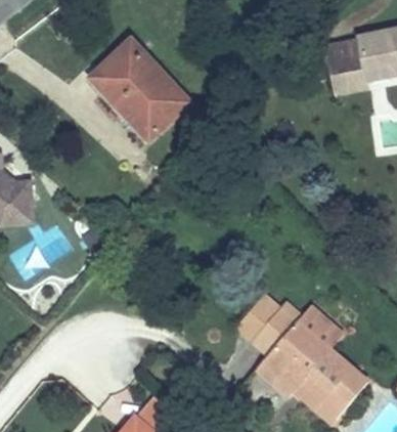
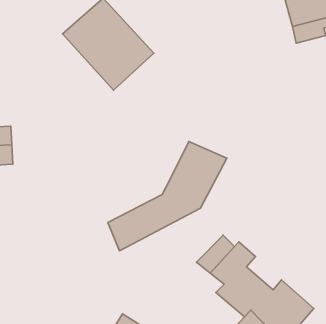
building: none -> [108,142,227,251]
building: [291,314,339,361] -> none

